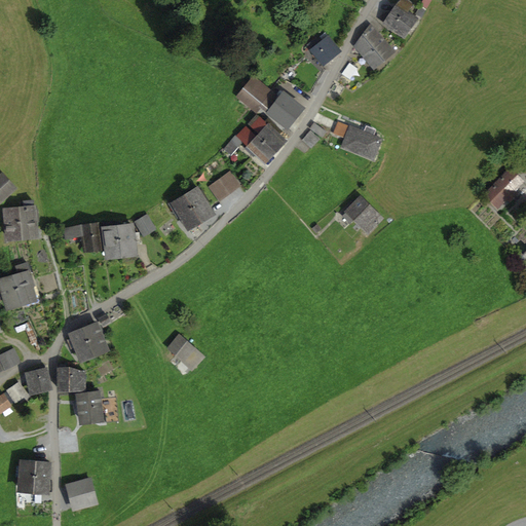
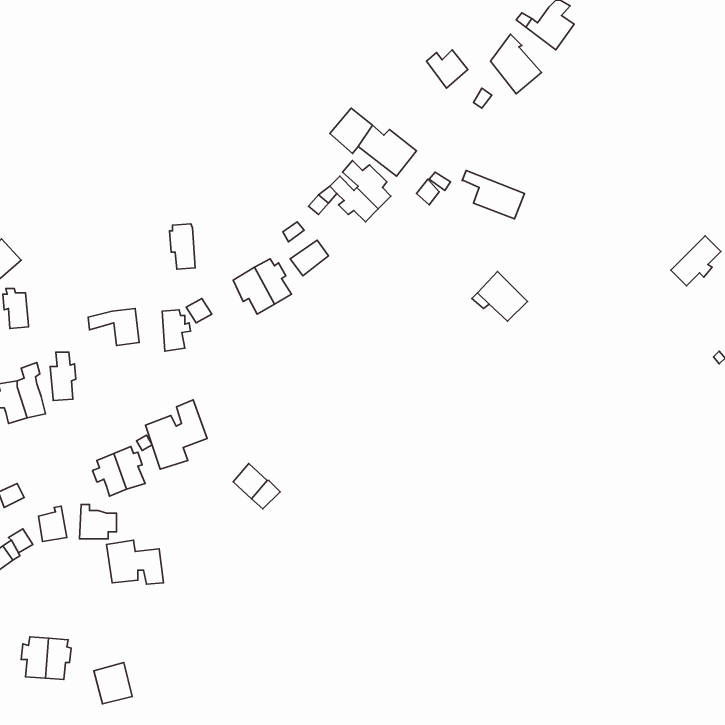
building: [18,202,37,237] -> [50,352,76,401]
building: [101,223,119,256] -> [170,224,195,269]
building: none -> [145,400,207,469]

